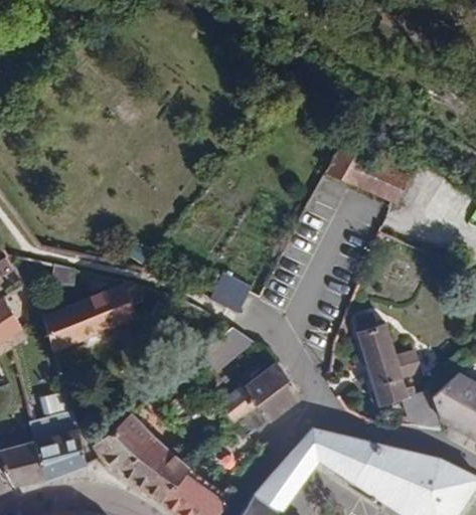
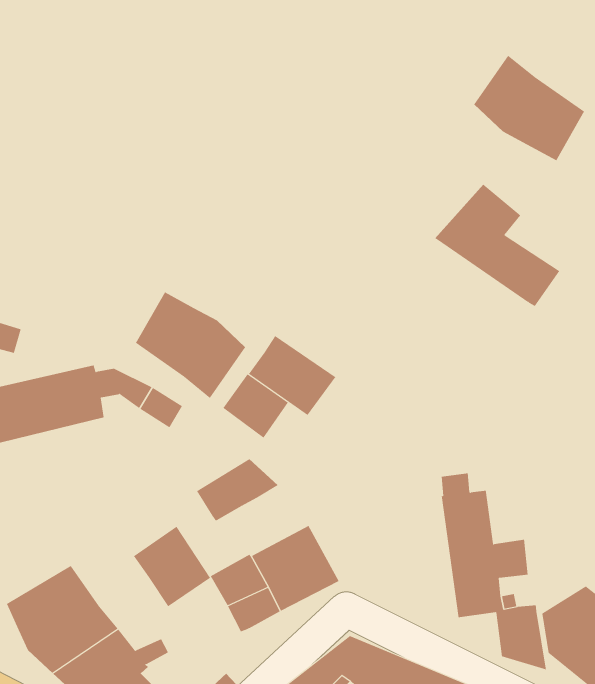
building: none -> [473,55,585,161]
building: none -> [135,292,246,399]
building: none -> [248,335,336,416]
building: none -> [133,526,211,607]

